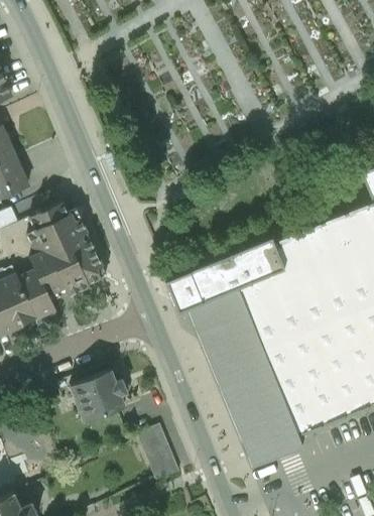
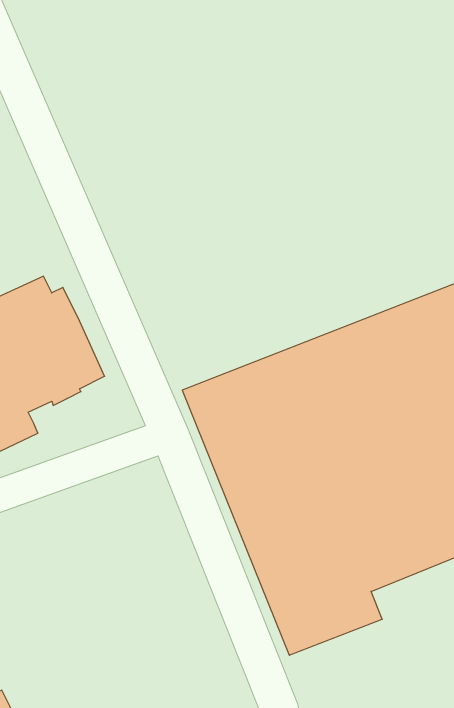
building: [71,367,131,421] -> none
building: [137,424,180,481] -> none

